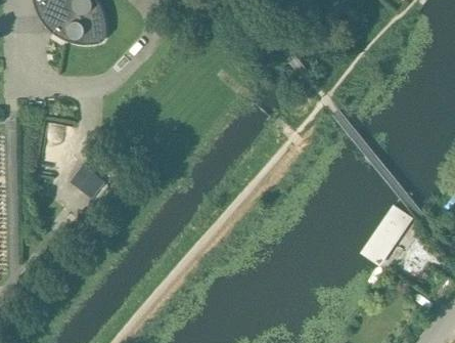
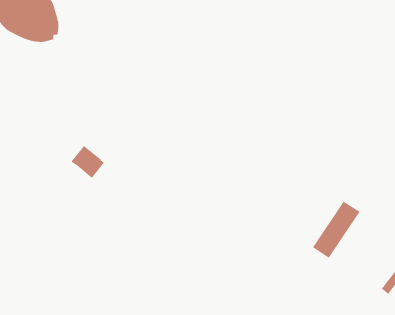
building: [70,165,104,199] -> [70,145,105,179]

